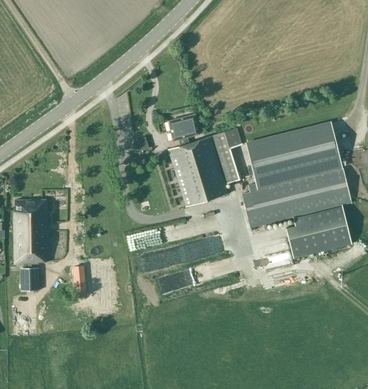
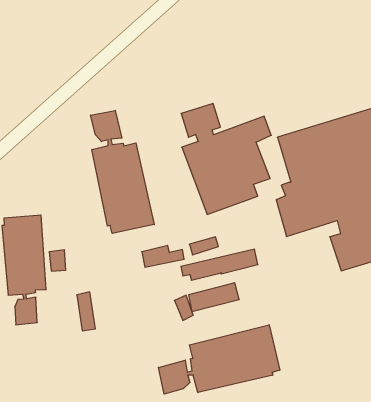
building: none -> [91,110,154,233]
building: none -> [158,325,280,394]

